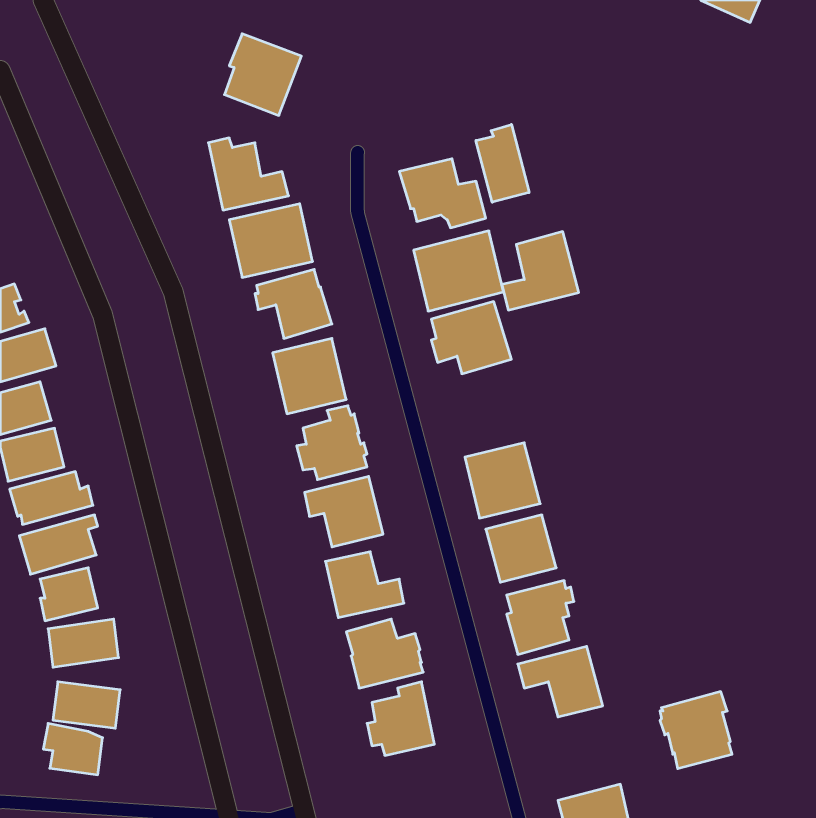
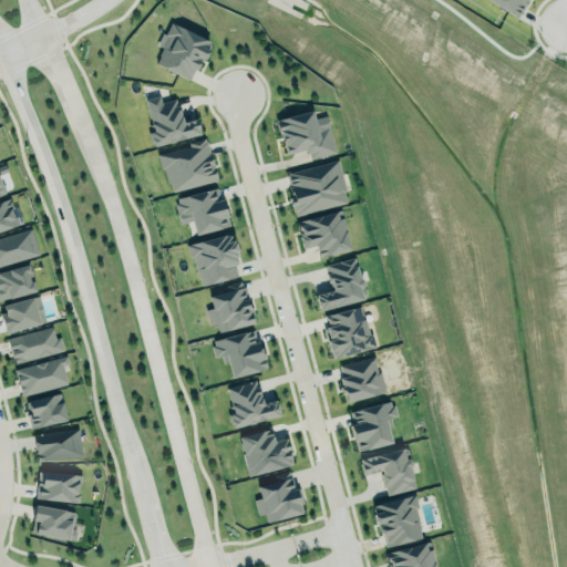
building: [476,124,529,202] -> none
building: [502,232,579,310] -> [315,255,368,309]
building: [660,692,732,769] -> [375,495,425,548]

